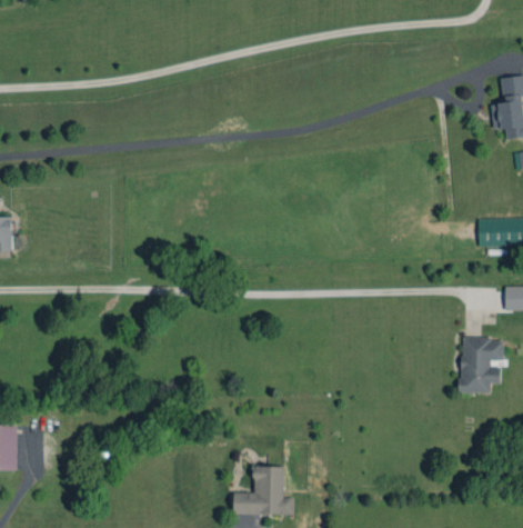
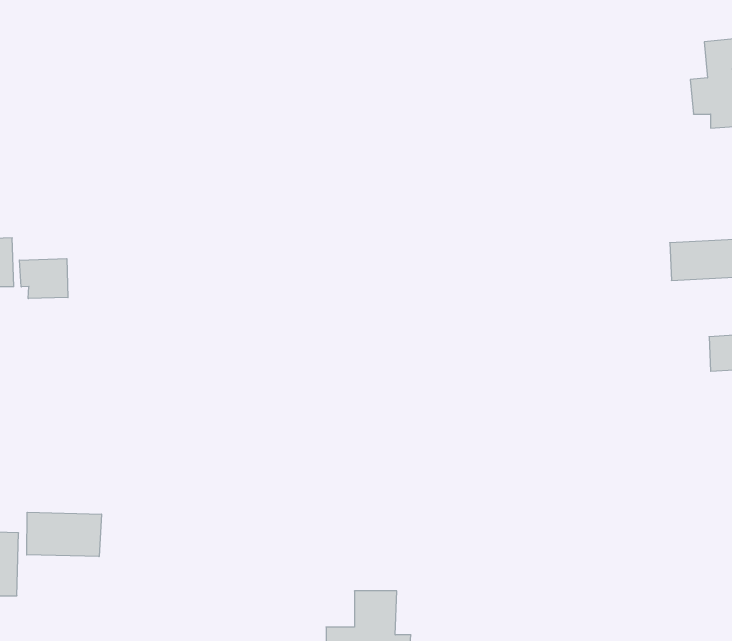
building: none -> [19,259,68,299]
building: [461,339,503,393] -> none
building: none -> [27,512,101,557]

